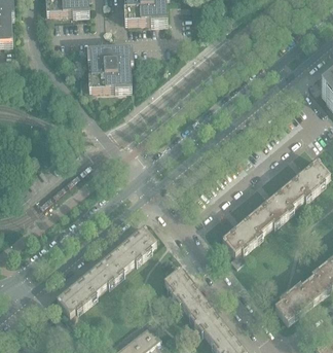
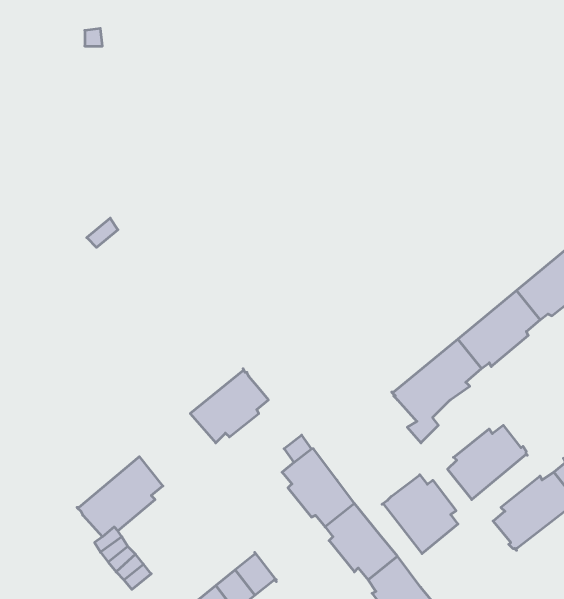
building: [89,46,132,89] -> none
building: [88,249,128,287] -> none
building: none -> [448,425,527,500]
building: none -> [382,475,458,554]

